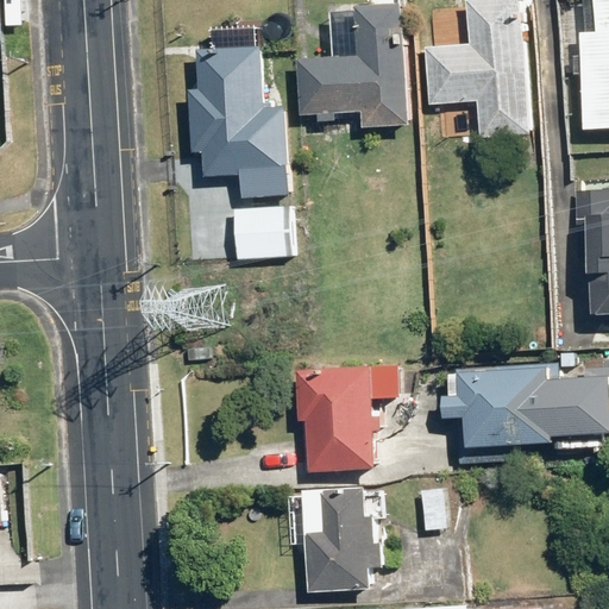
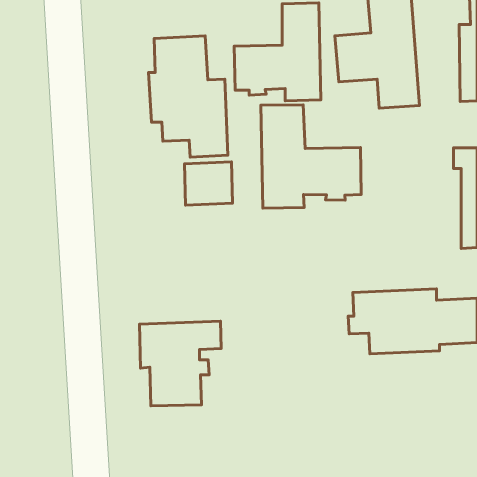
building: none -> [261,105,361,208]
building: [295,362,398,469] -> [139,321,221,406]
building: [303,488,387,592] -> none

